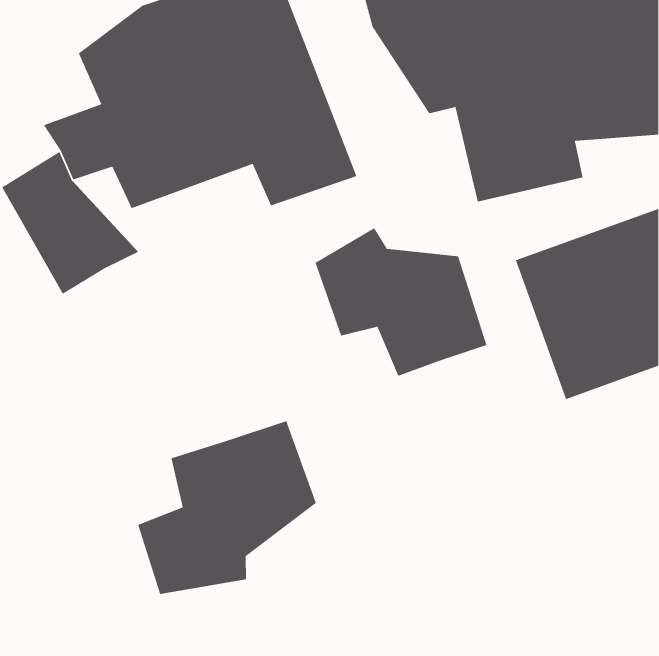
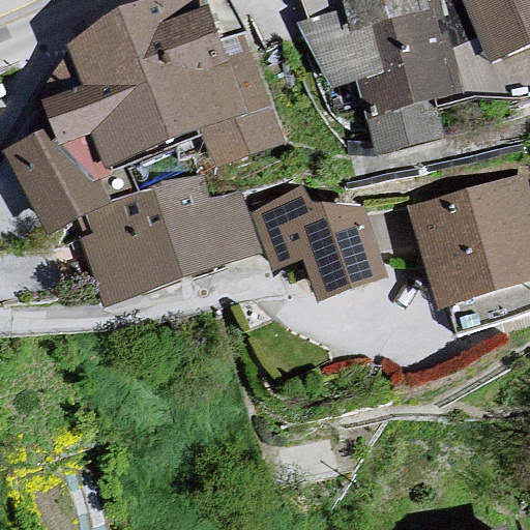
building: none -> [78,185,260,303]
building: [137,420,317,595] -> none

